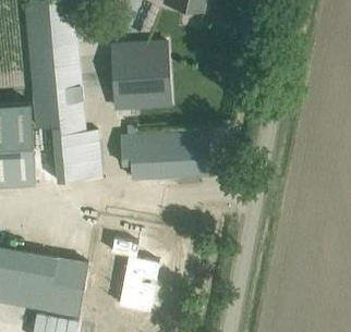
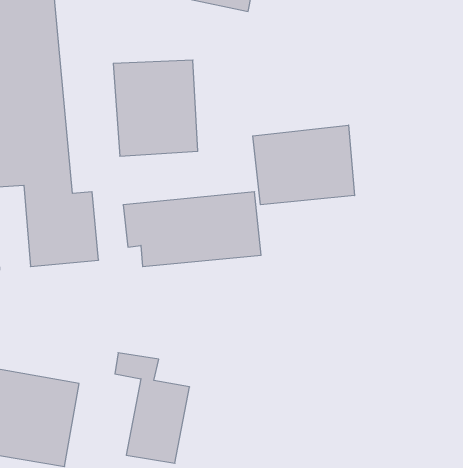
building: none -> [253,125,355,205]

